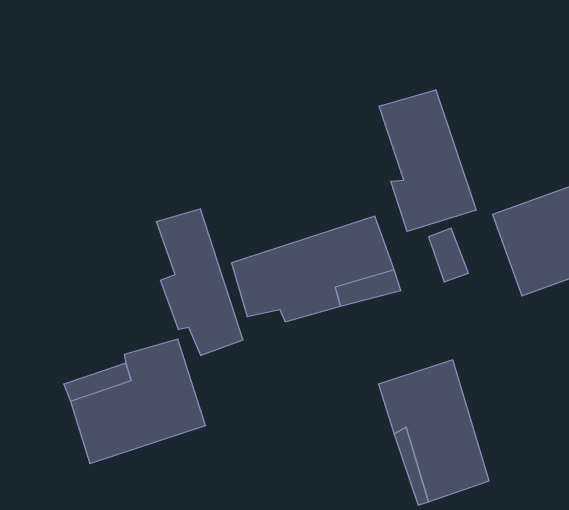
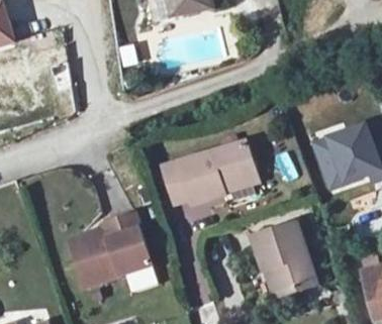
building: [379,90,476,232] -> none
building: [156,209,243,356] -> none

